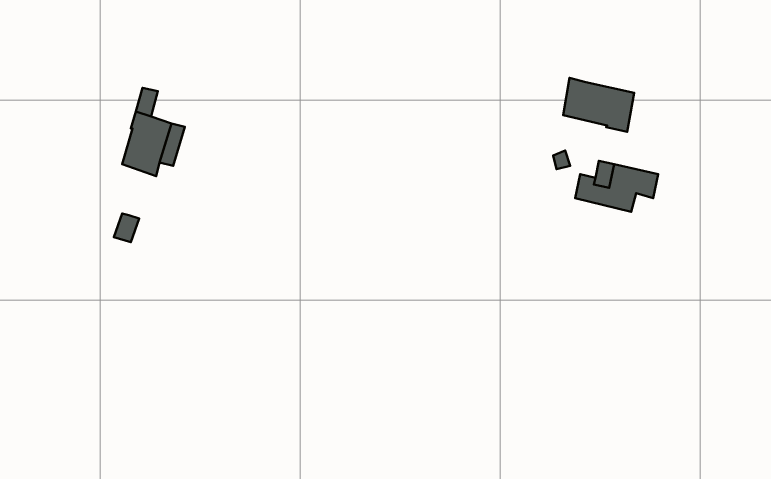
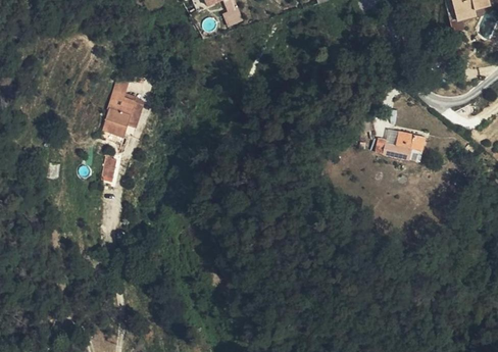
building: [563,78,634,132] -> none

